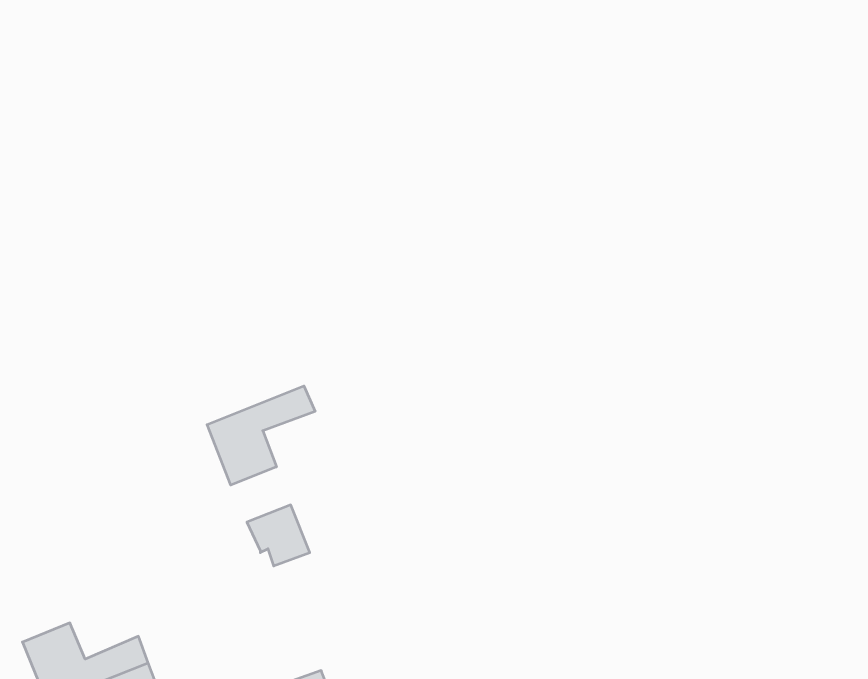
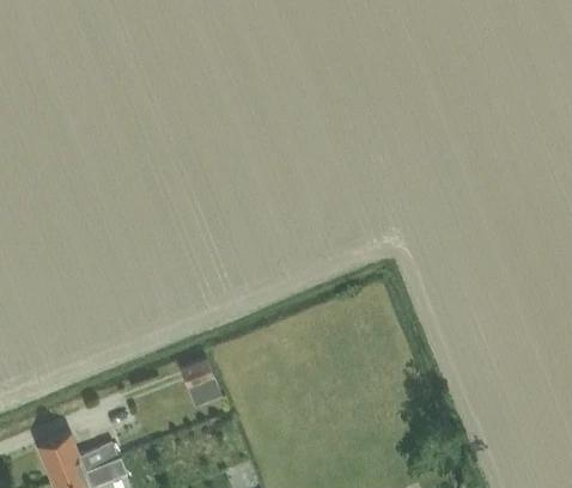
building: [207,386,315,485] -> none

